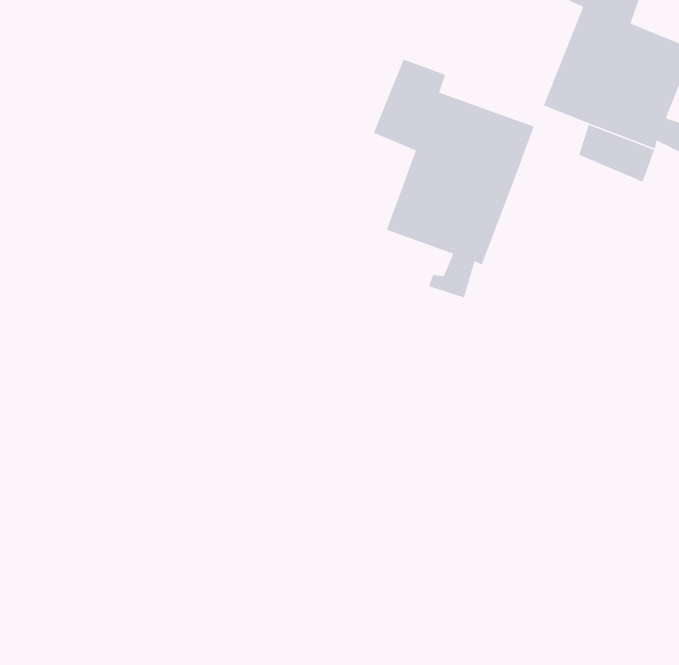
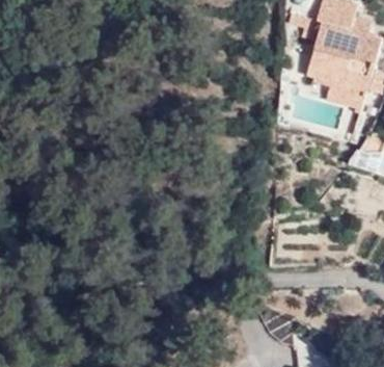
building: [373,58,535,299] -> none

